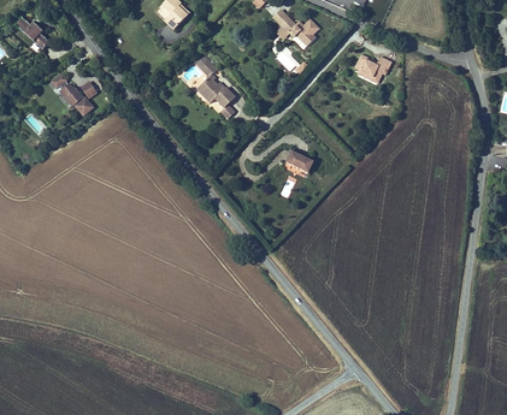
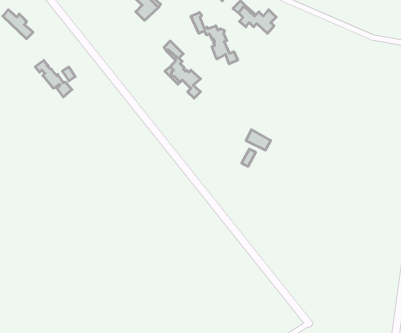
building: none -> [191,12,238,64]
building: [355,54,390,81] -> none

